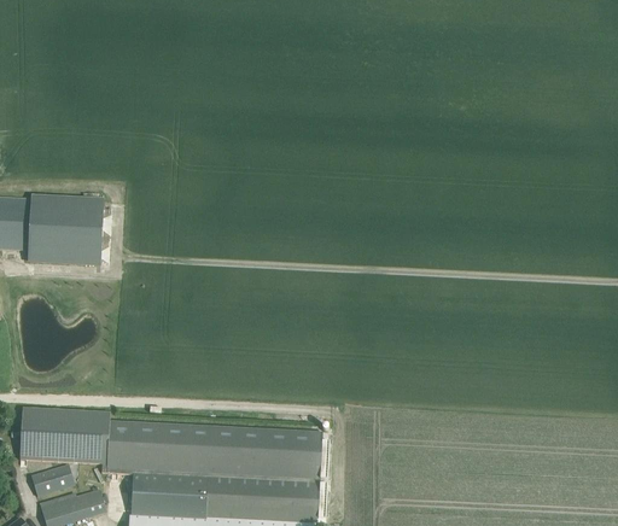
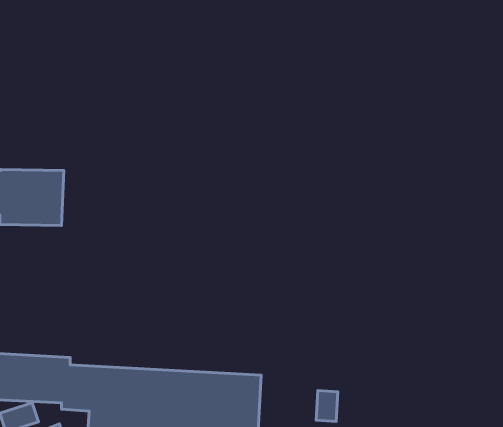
building: none -> [316,391,338,422]

